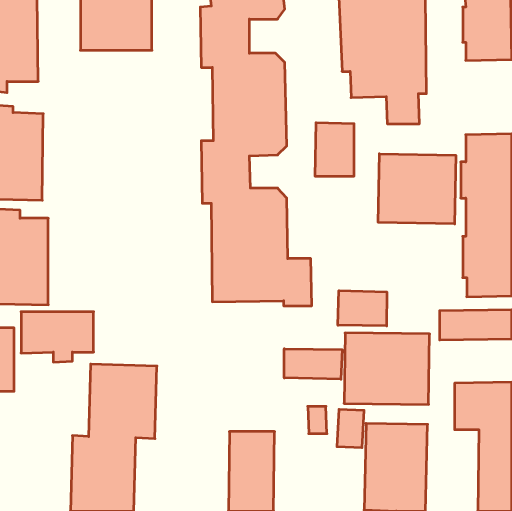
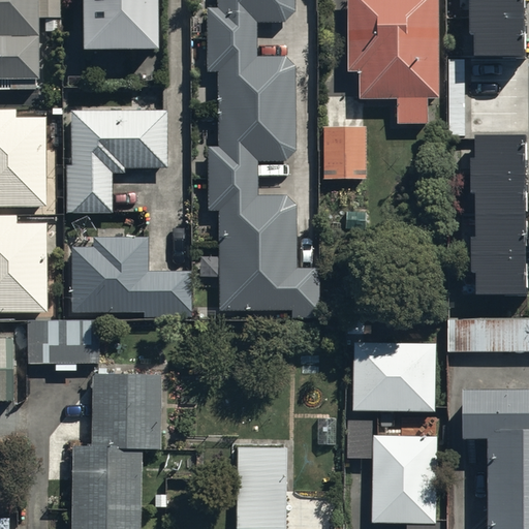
building: none -> [66,110,165,210]
building: [378,154,456,224] -> none
building: none -> [71,239,191,313]
building: [338,291,387,326] -> none
building: [284,349,342,379] -> none

